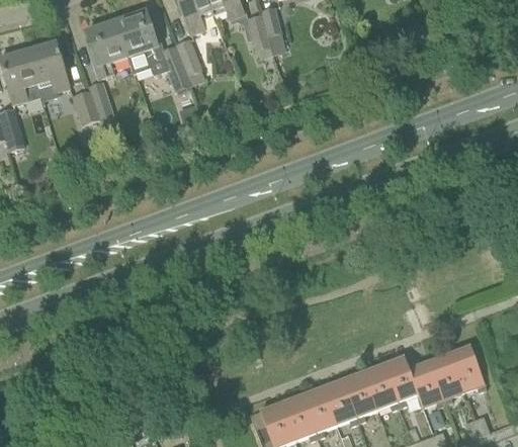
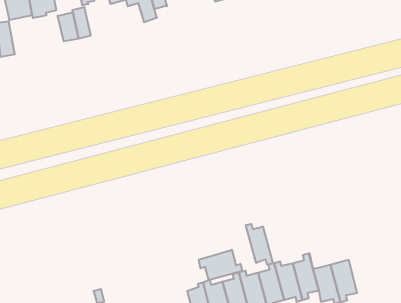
building: none -> [246,224,273,265]
building: [449,345,486,391] -> none
building: none -> [199,250,242,280]

